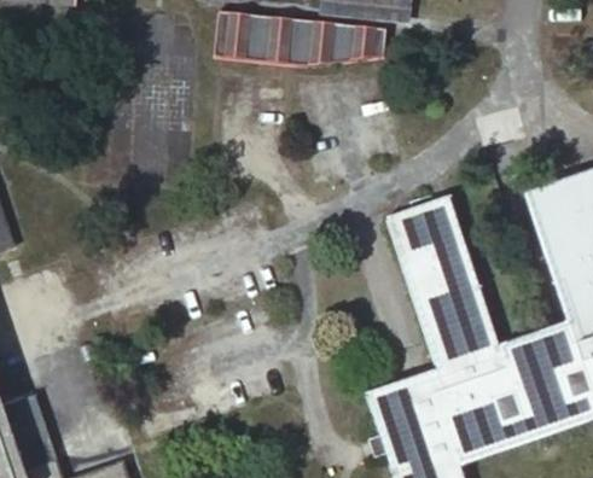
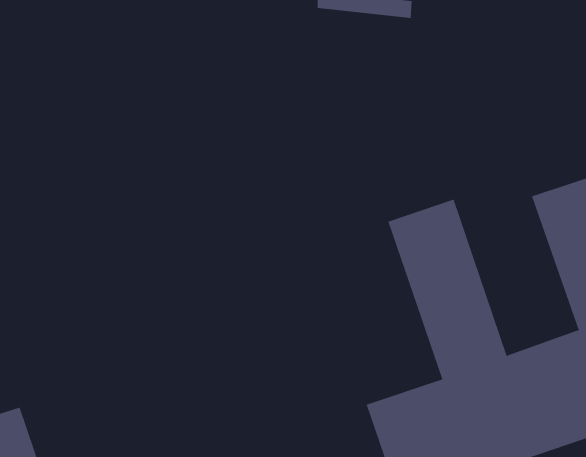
building: [211,11,386,63] -> none

